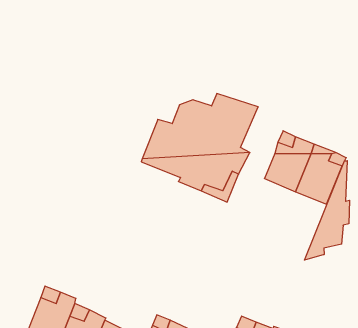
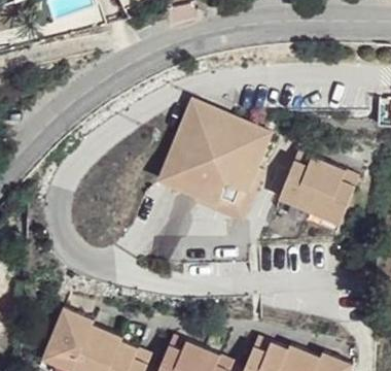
building: none -> [174,99,233,144]
building: [304,161,349,260] -> none

